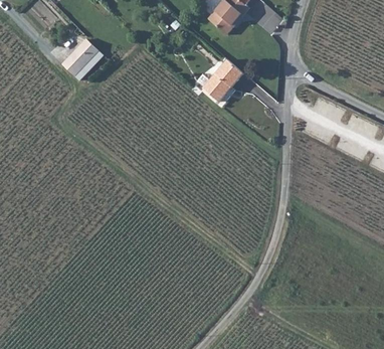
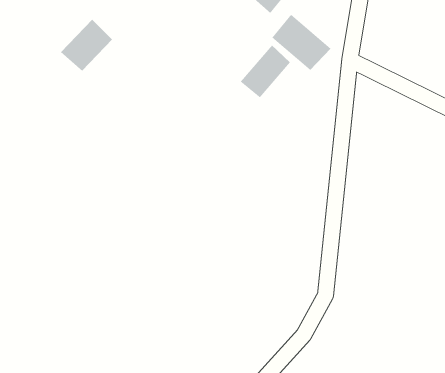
building: none -> [272,14,331,71]

